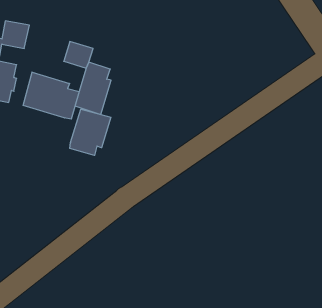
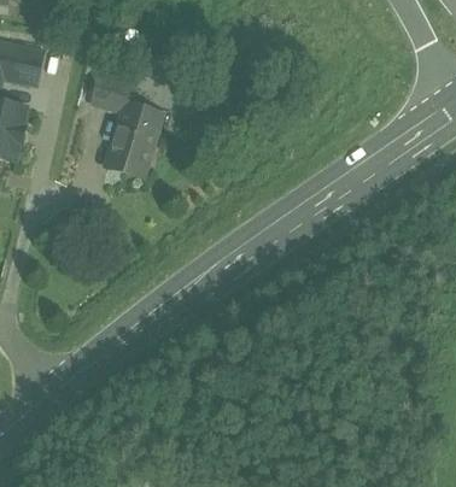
building: [23,72,79,119] -> none
building: [70,109,111,155] -> none

